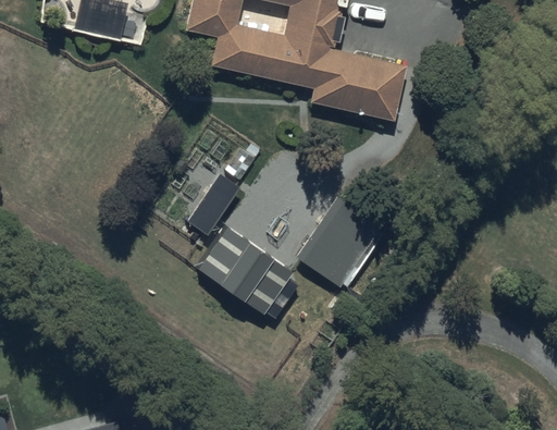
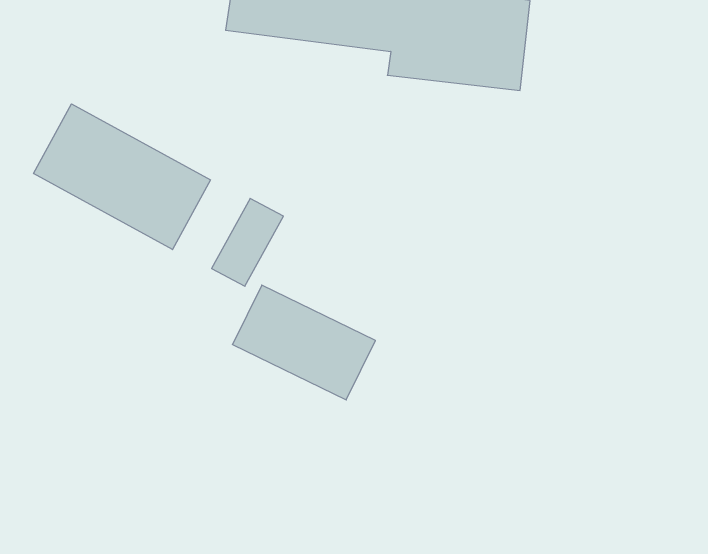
building: none -> [34,104,210,250]
building: [293,194,391,288] -> none

